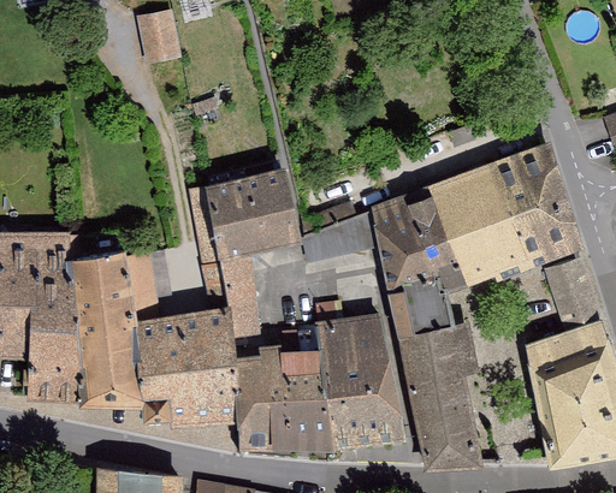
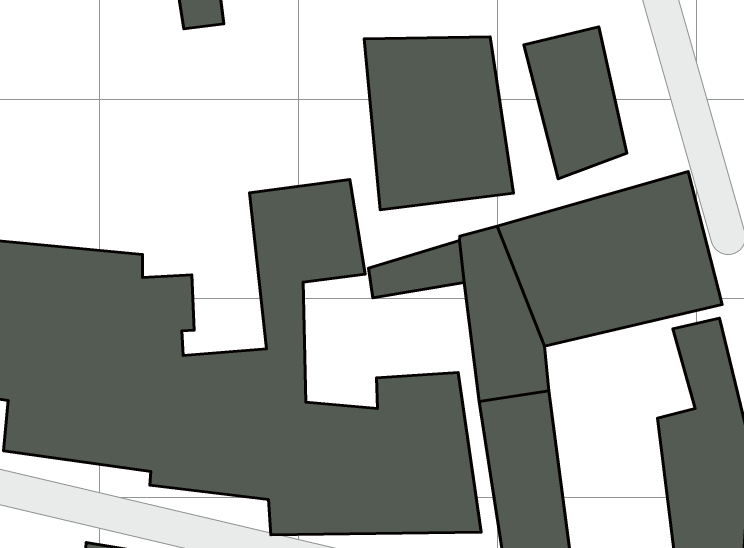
building: none -> [524,27,627,179]
building: none -> [364,37,514,210]

